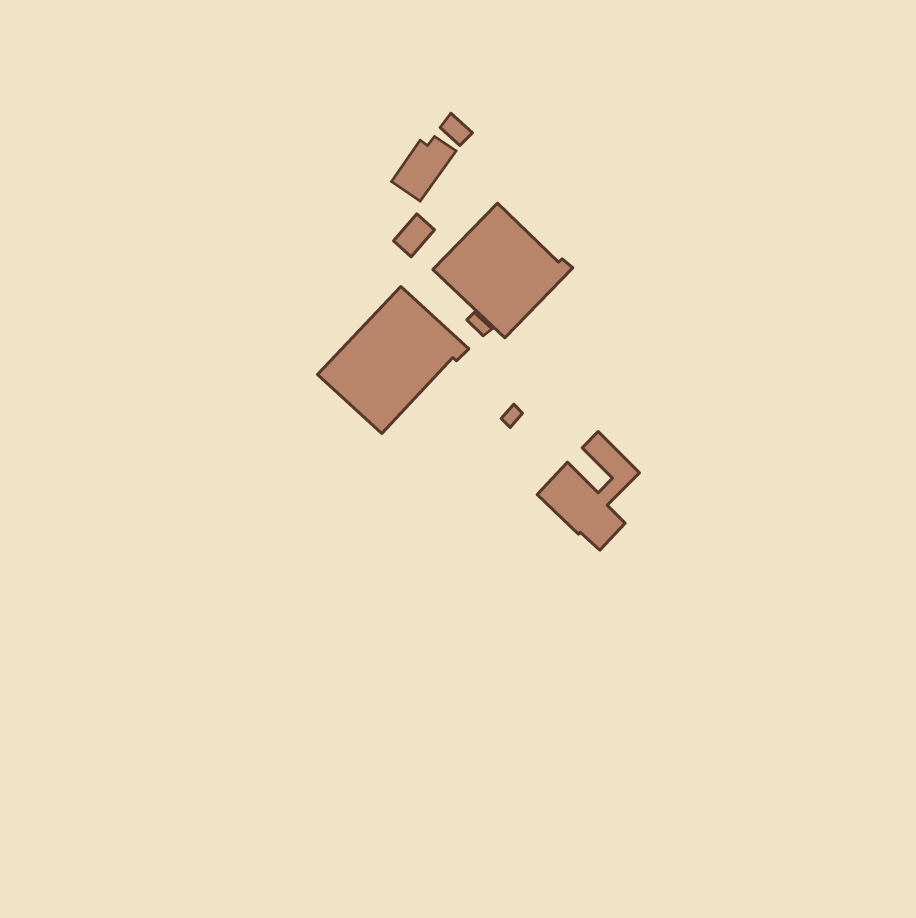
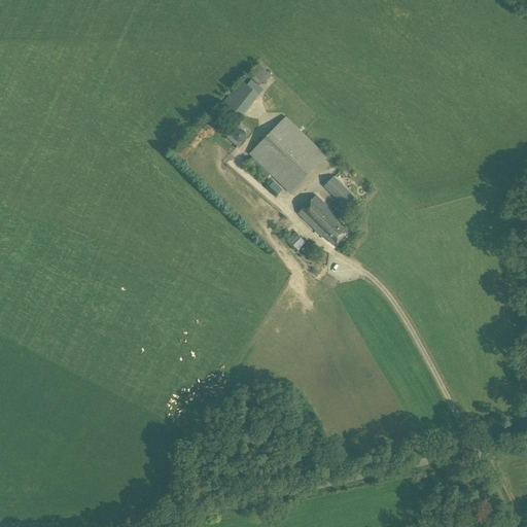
building: [317,286,469,434] -> none
building: [537,432,640,550] -> [297,177,356,245]

